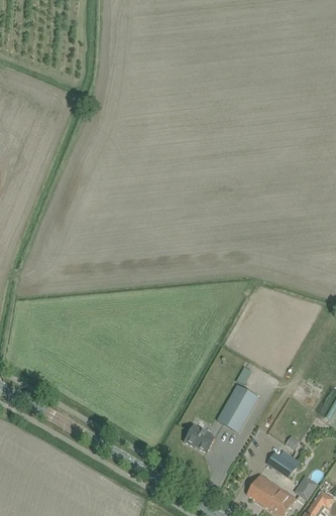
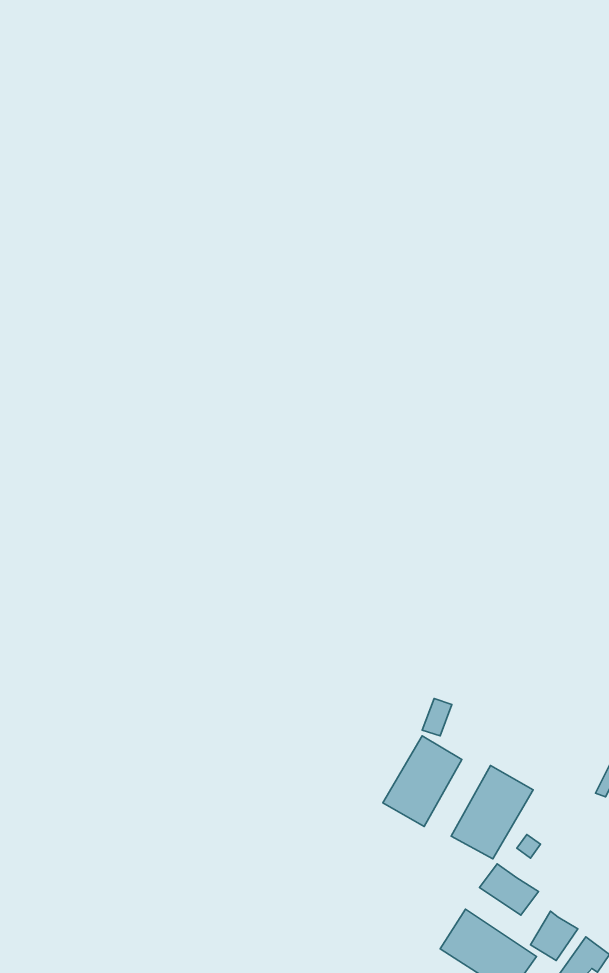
building: none -> [451,765,533,859]
building: [184,424,215,452] -> none

